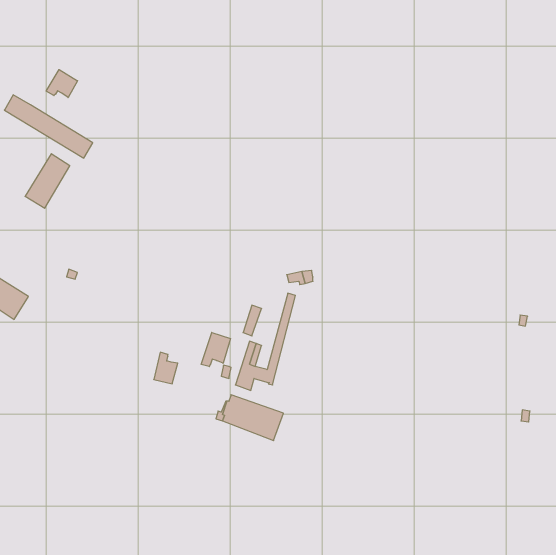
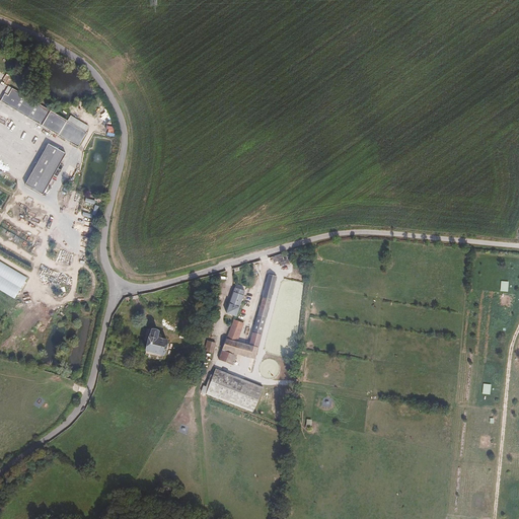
building: [46,70,78,98] -> none
building: [201,332,230,367] -> none

